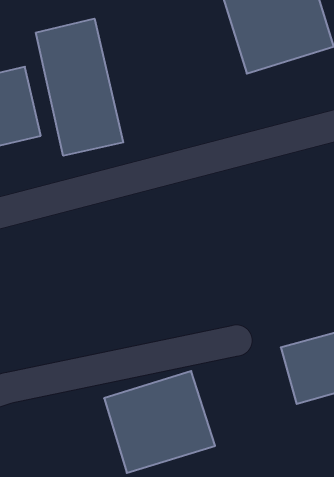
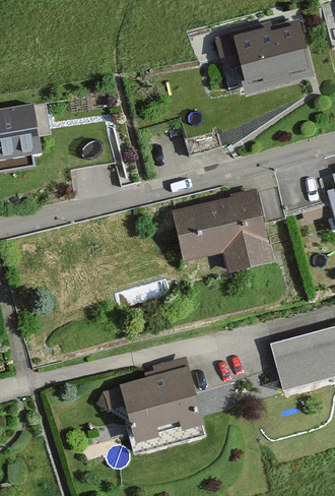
building: [36,19,123,156] -> none
building: none -> [172,182,275,278]

